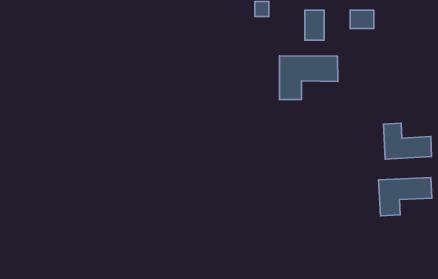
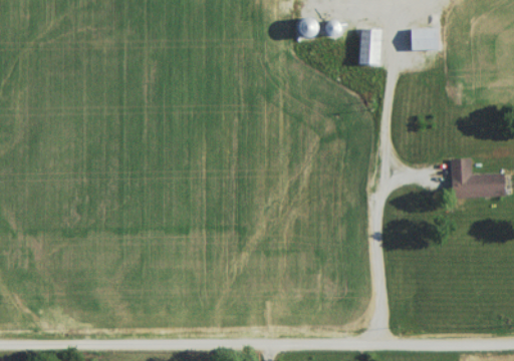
building: [279,56,338,100] -> none
building: [379,177,432,216] -> none

